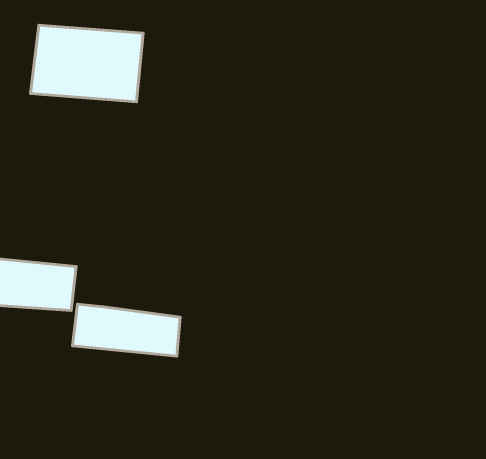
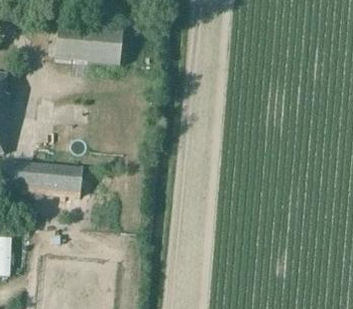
building: [72,304,180,356] -> none

